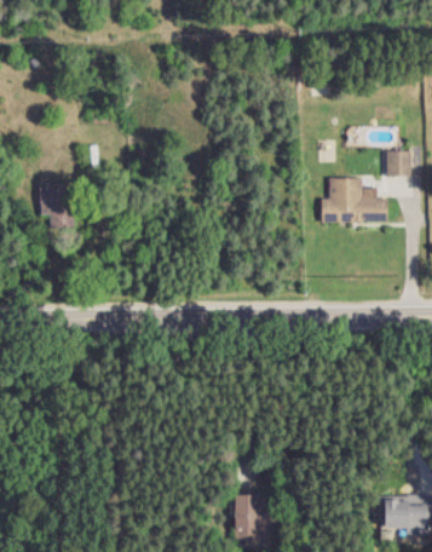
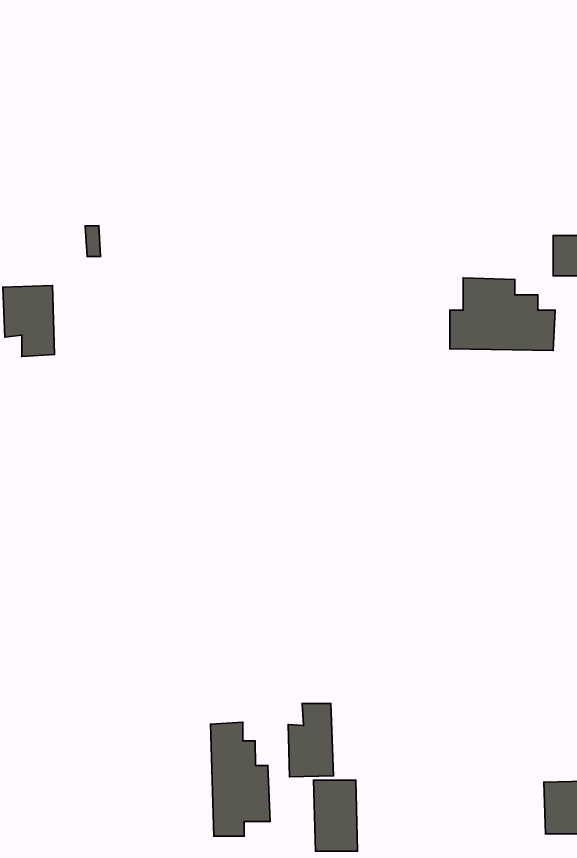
building: none -> [288,703,334,777]
building: none -> [211,722,270,836]

